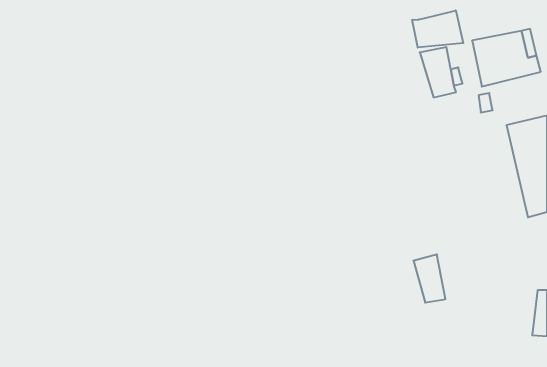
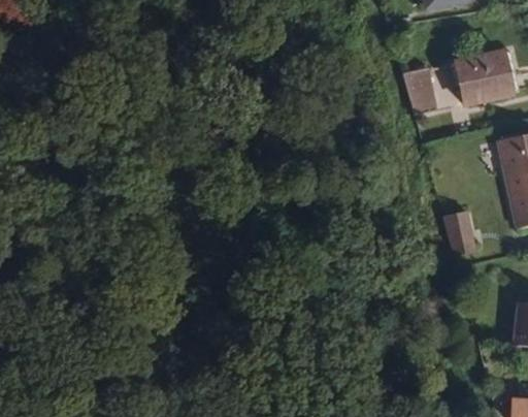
building: [412,10,463,48] -> none
building: [413,254,445,303] -> [444,208,475,255]

